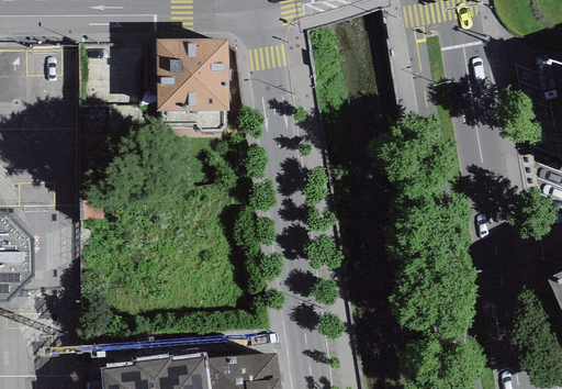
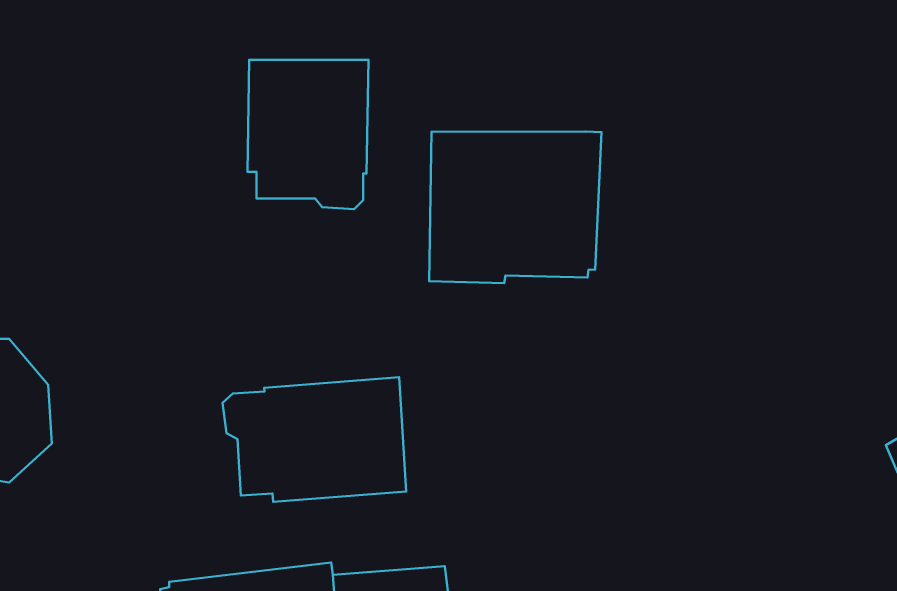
building: none -> [429,131,602,283]
building: none -> [223,377,406,502]

